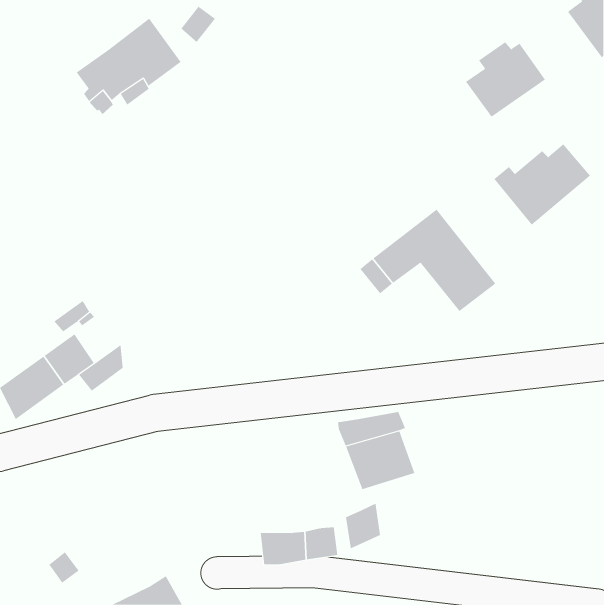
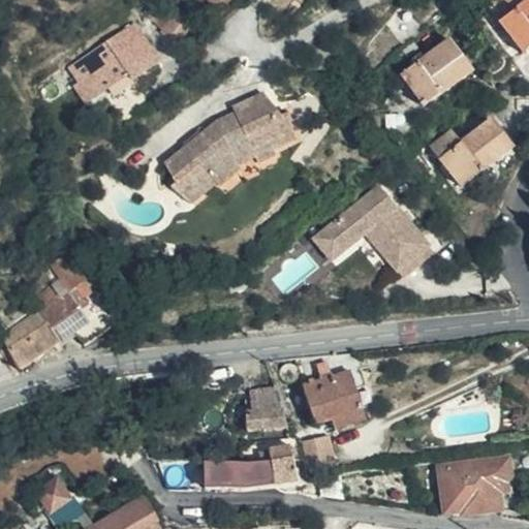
building: none -> [160,91,292,201]
building: none -> [243,390,287,436]
building: none -> [438,457,504,518]

